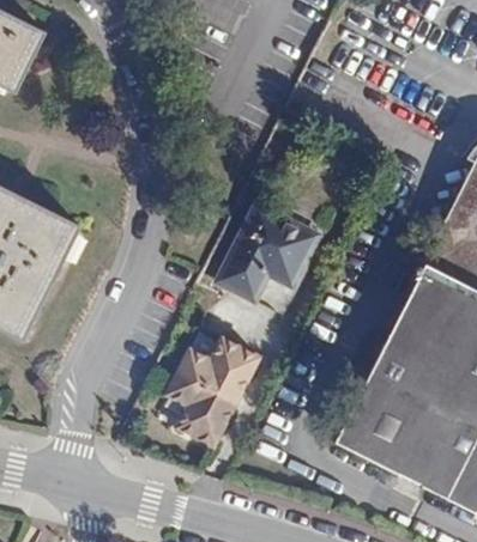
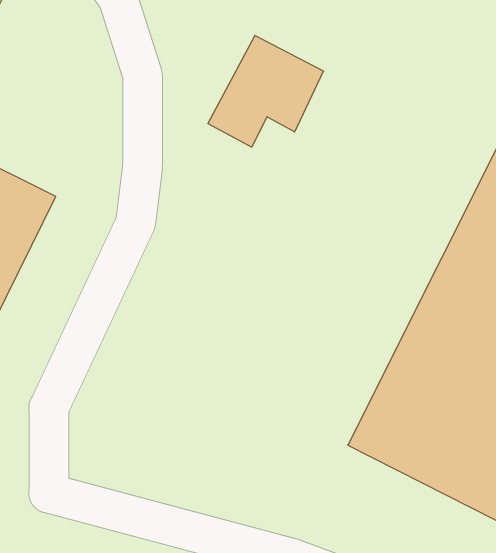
building: [216,203,316,300] -> [208,35,324,147]
building: [167,336,259,443] -> none

